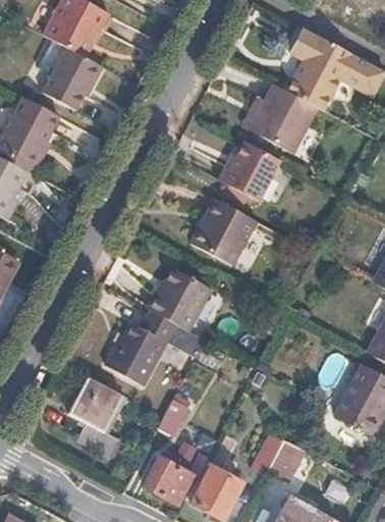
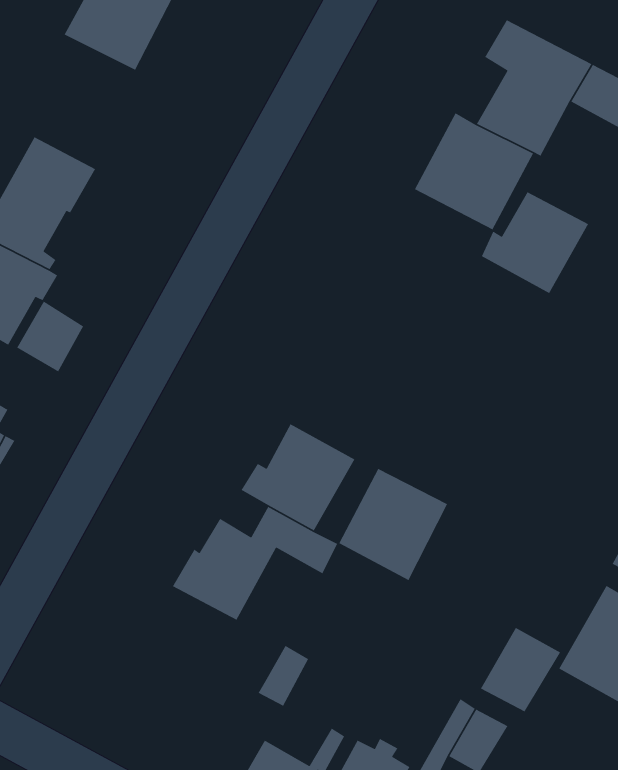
building: [32,44,101,110] -> none
building: [214,139,278,200] -> [481,191,589,294]
building: none -> [16,300,84,373]
building: [191,199,257,266] -> [338,468,448,581]
building: [65,379,120,456] -> none
building: none -> [480,627,561,713]

